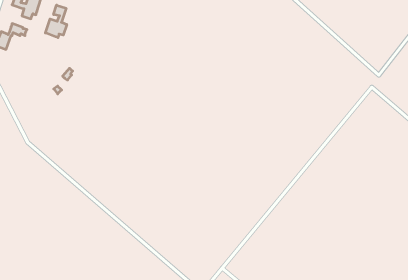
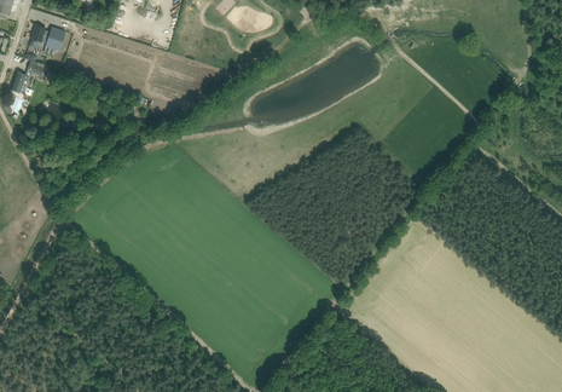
building: [45,5,67,38] -> none

